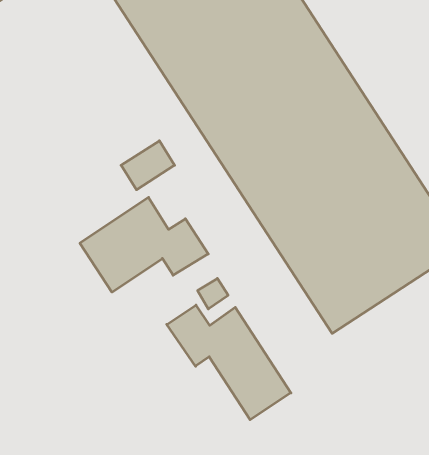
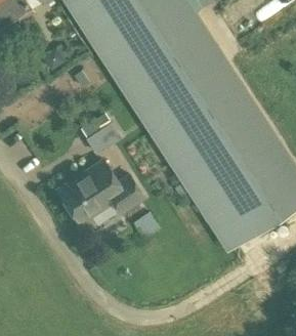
building: [167,305,291,420] -> none

